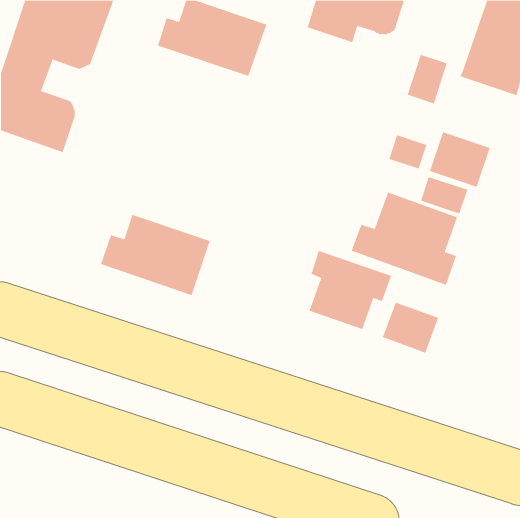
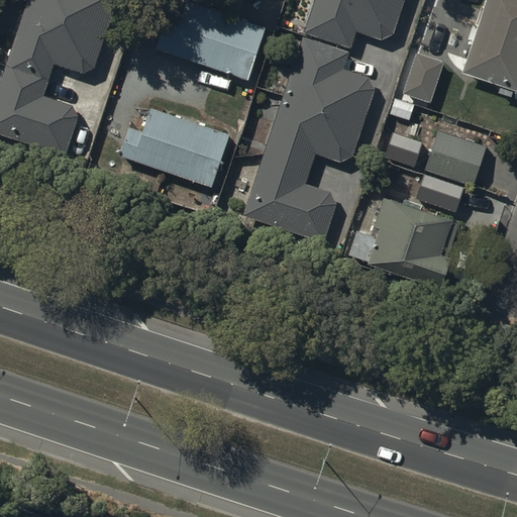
building: none -> [241,33,374,239]
building: [100,214,210,296] -> [119,106,228,187]
building: [309,250,392,330] -> none
building: [382,302,439,353] -> none

